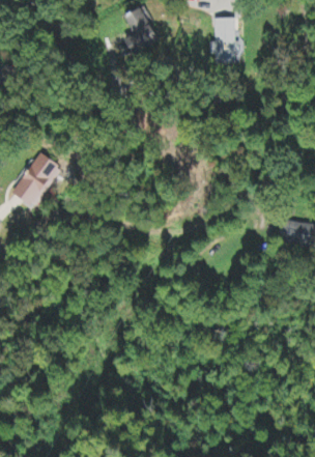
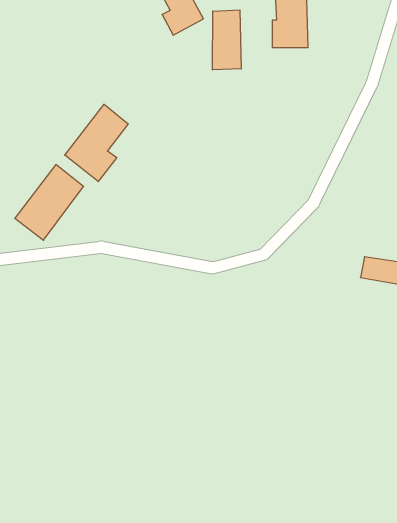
building: none -> [212,10,241,70]
building: none -> [65,104,128,182]

